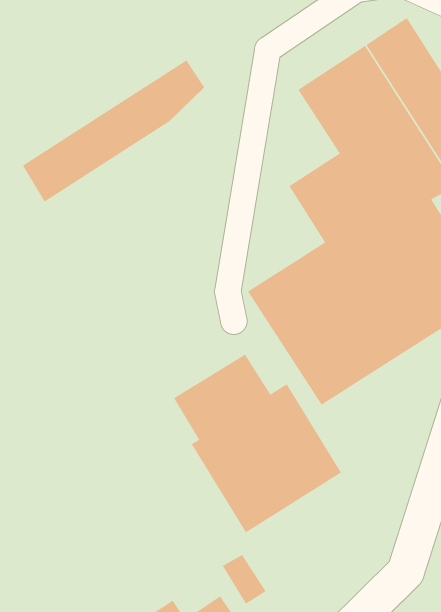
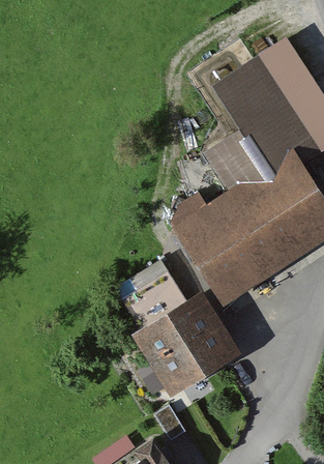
building: [22,59,205,203] -> none

